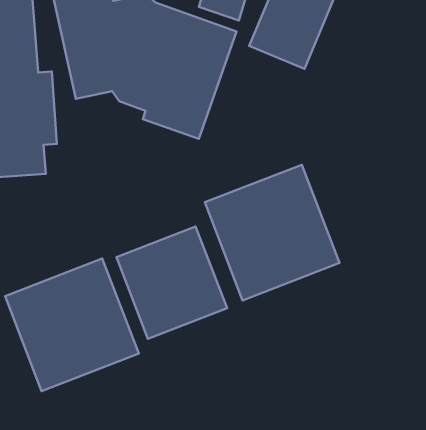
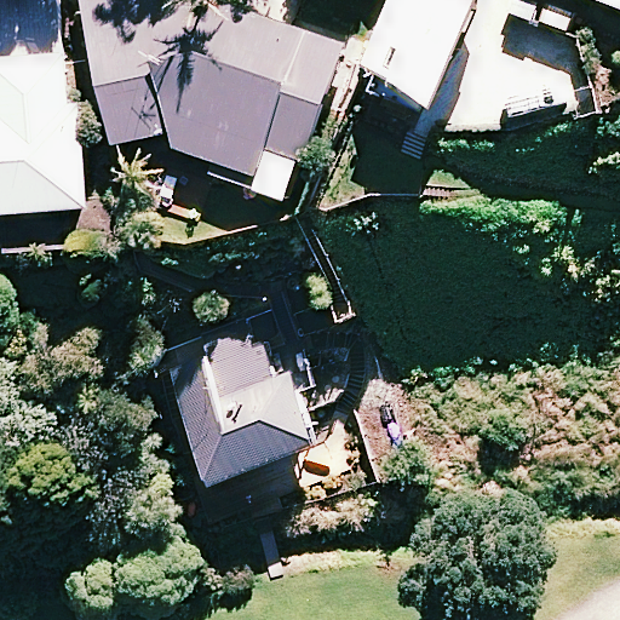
building: [205,165,339,300] -> none
building: [5,259,139,391] -> none

